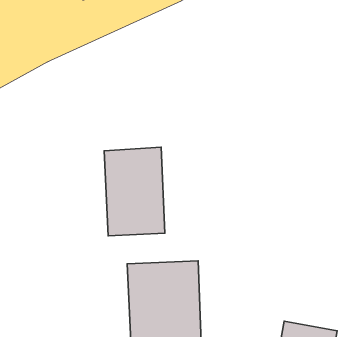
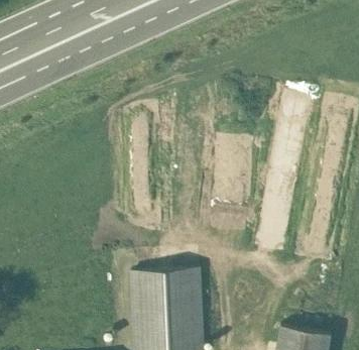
building: [104,147,165,236] -> none

